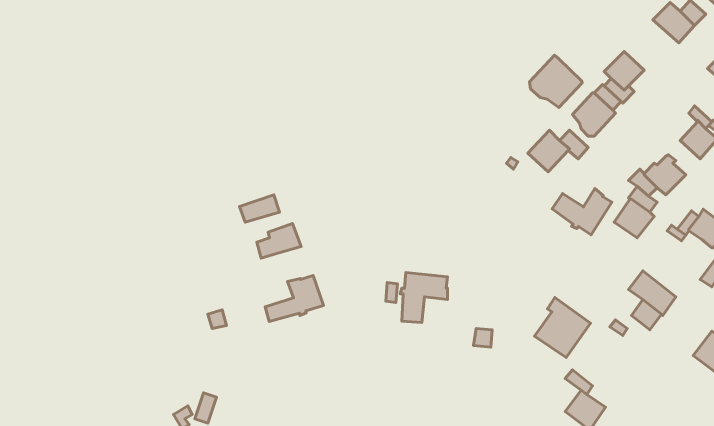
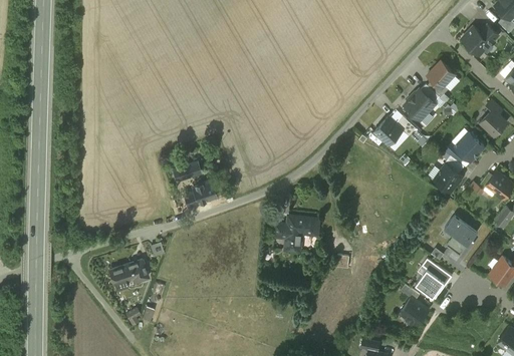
building: [530,55,582,108] -> none
building: [552,189,612,235] -> none
building: [265,275,323,322] -> none
building: [535,297,591,358] -> [414,259,453,301]
building: none -> [108,260,148,289]

